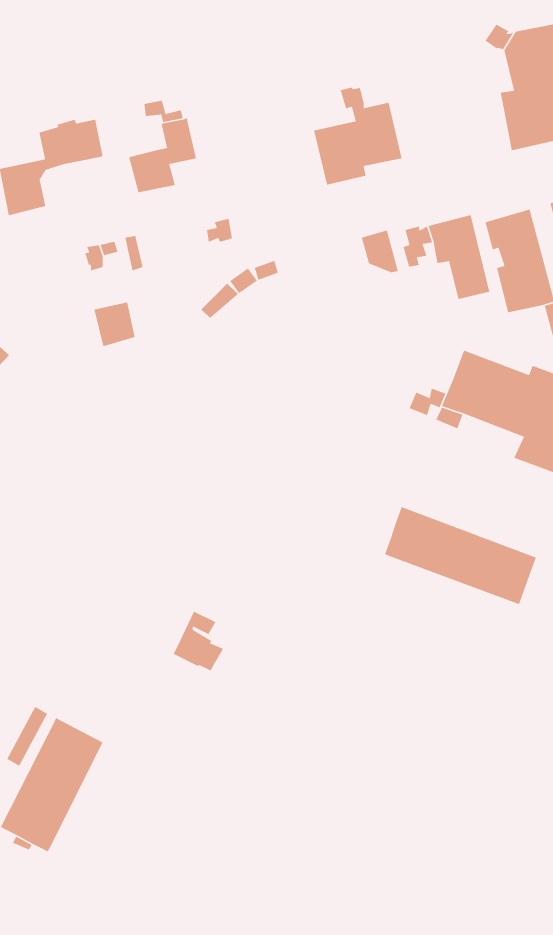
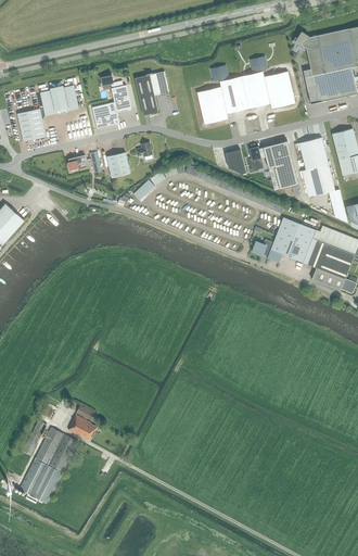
building: none -> [240,56,294,108]
building: none -> [133,71,168,114]
building: [93,301,135,347] -> [105,151,129,177]
building: [384,506,537,605] -> none
building: [173,610,224,671] -> [67,404,97,439]

